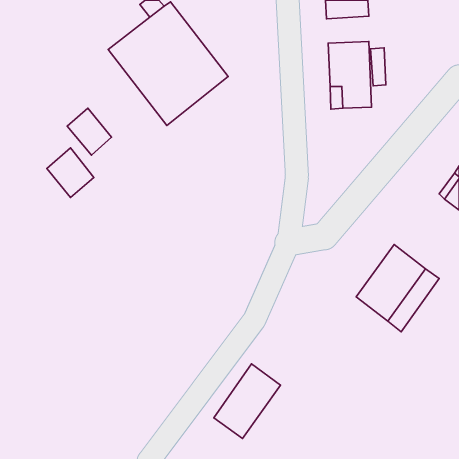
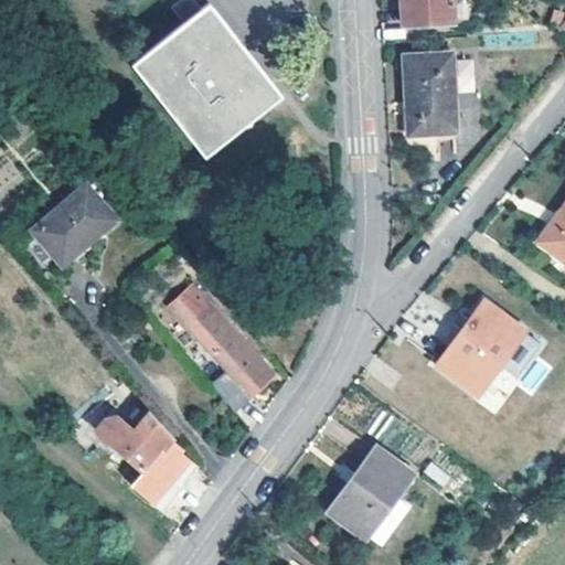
building: [67,108,111,155] -> [32,209,86,266]
building: none -> [170,285,274,398]
building: none -> [98,414,199,512]
building: [214,364,280,439] -> [328,448,409,540]

